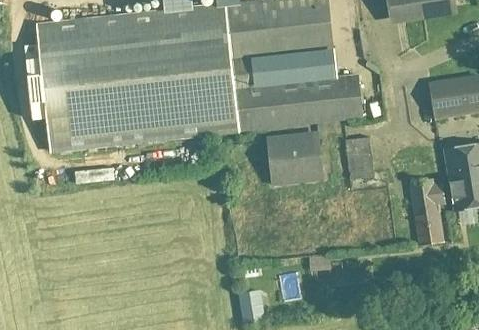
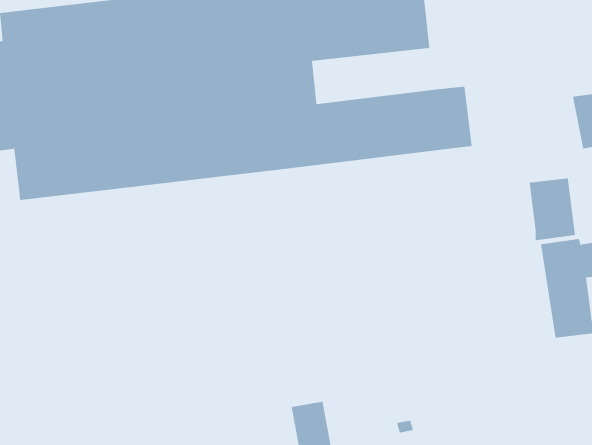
building: [252,48,336,86] -> none
building: [267,134,322,182] -> none
building: [343,136,375,179] -> [529,178,576,241]

